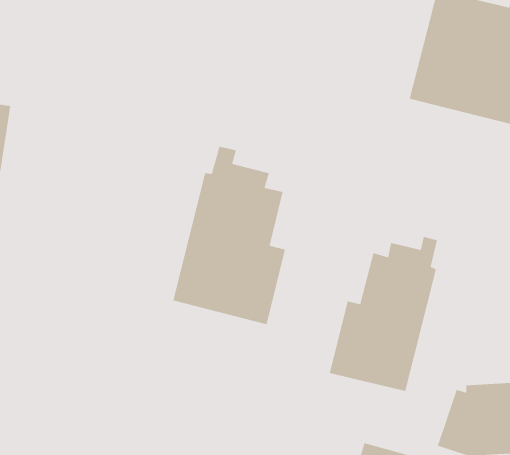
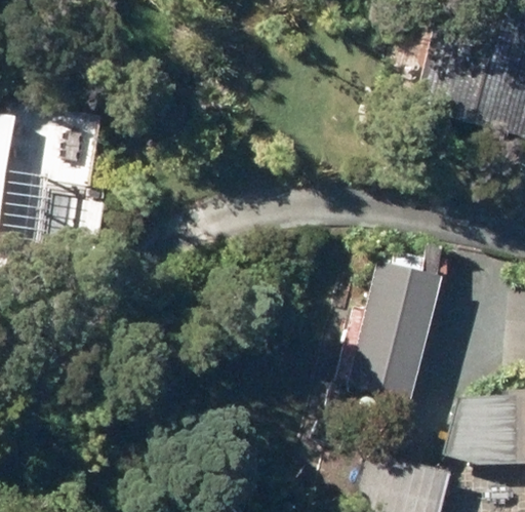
building: [172,146,286,325] -> none

